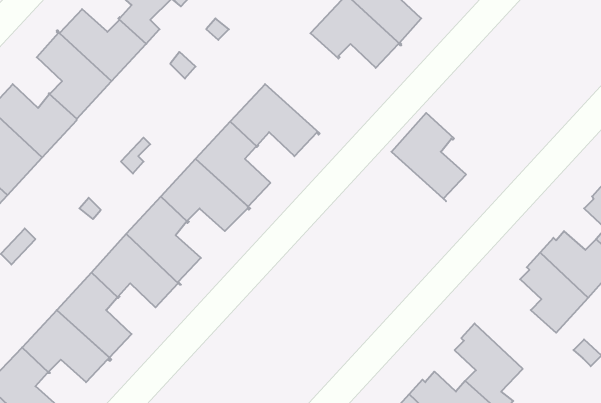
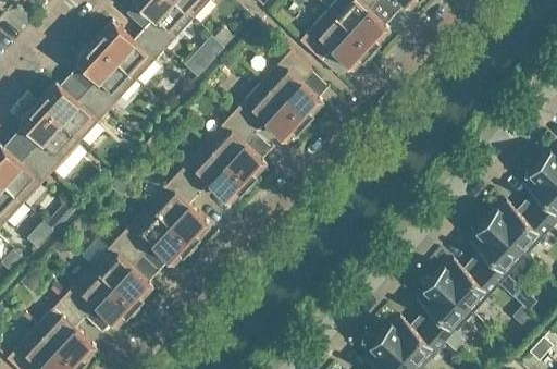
building: [391,113,466,201] -> [261,50,322,122]
building: none -> [432,259,498,313]

